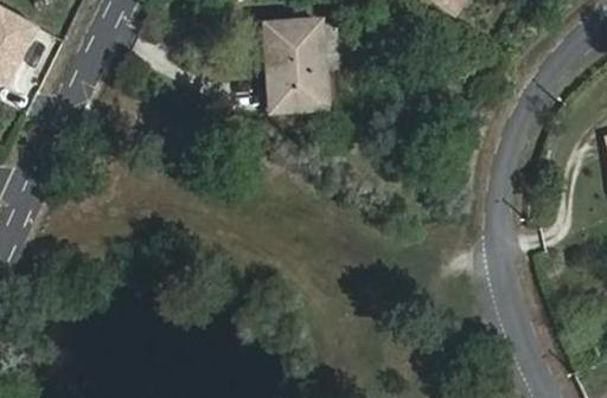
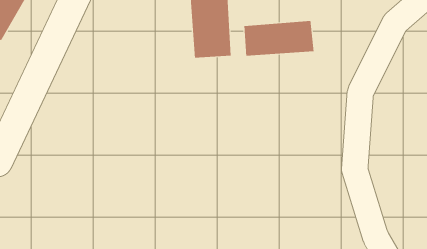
building: none -> [244,20,314,56]

